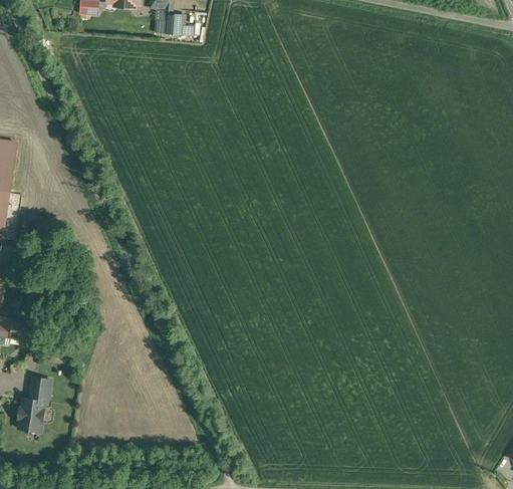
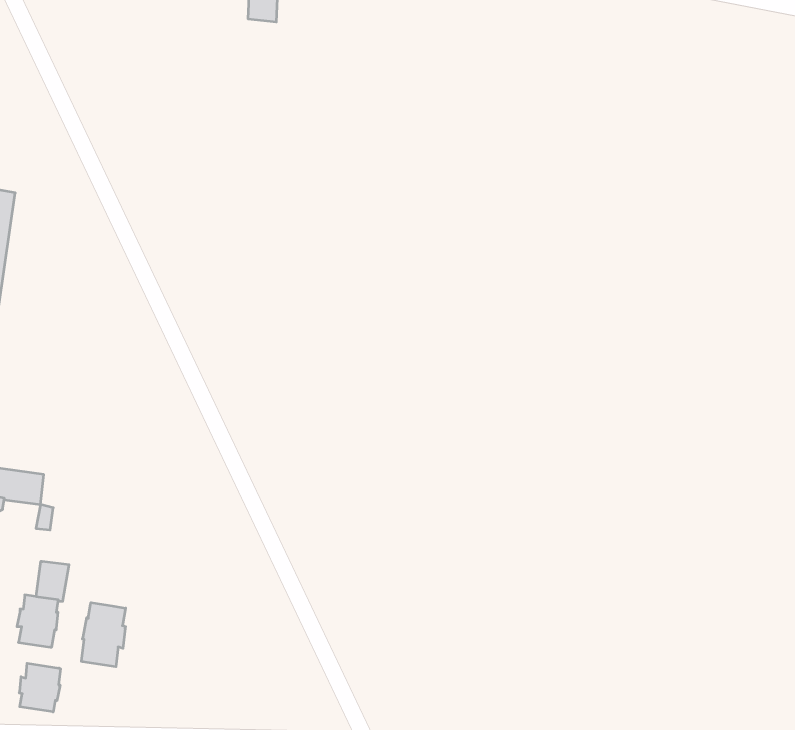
building: none -> [81,603,126,667]
building: none -> [19,663,60,712]

